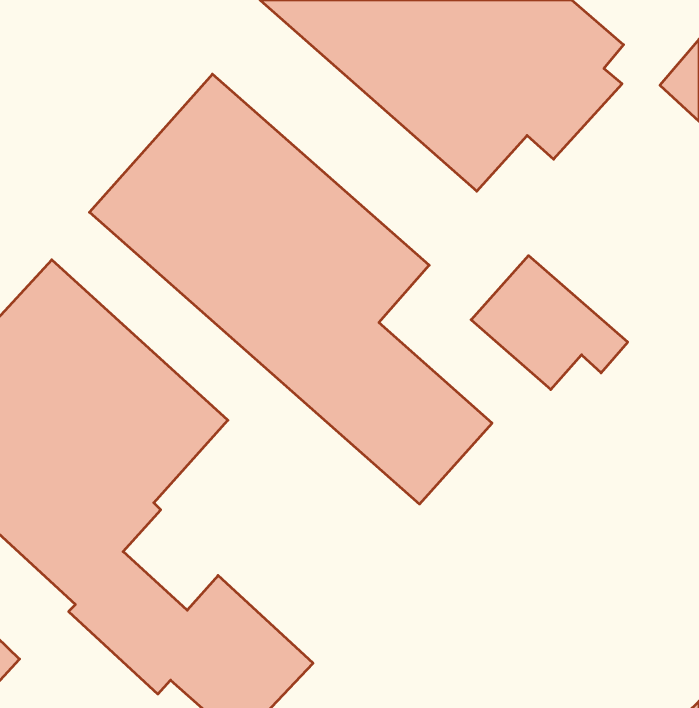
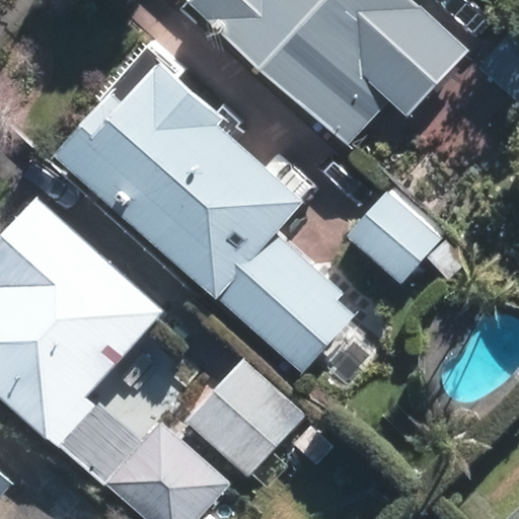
building: none -> [182,358,302,477]

